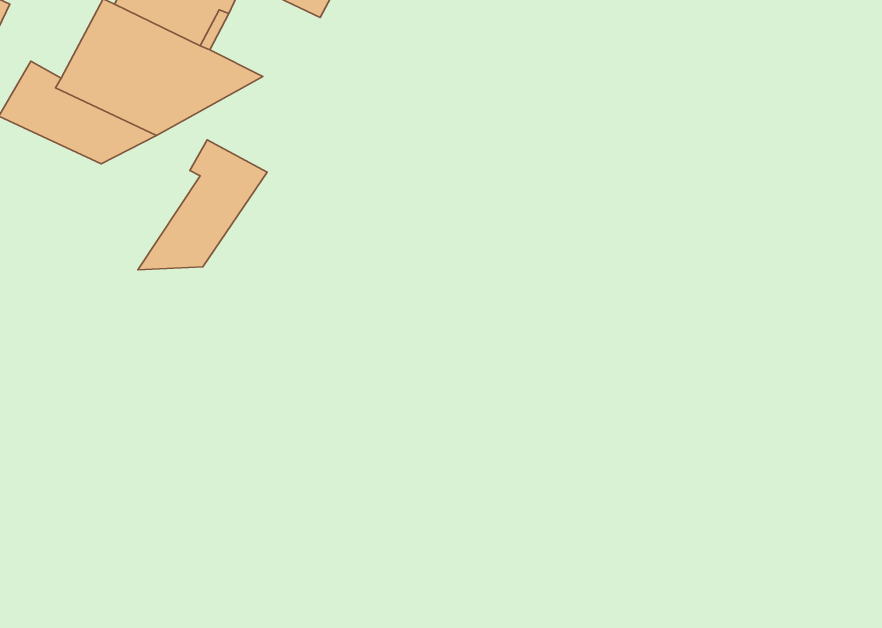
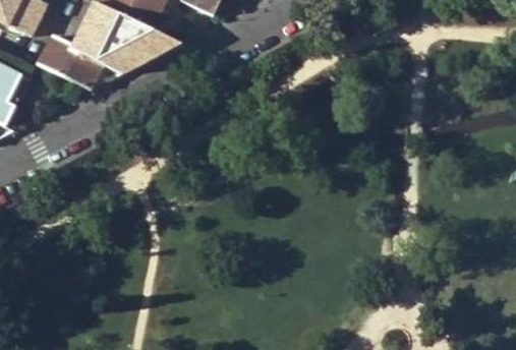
building: [138,140,267,270] -> none

